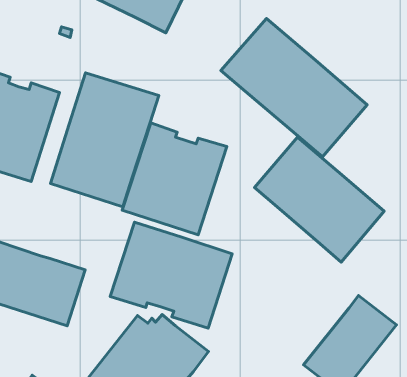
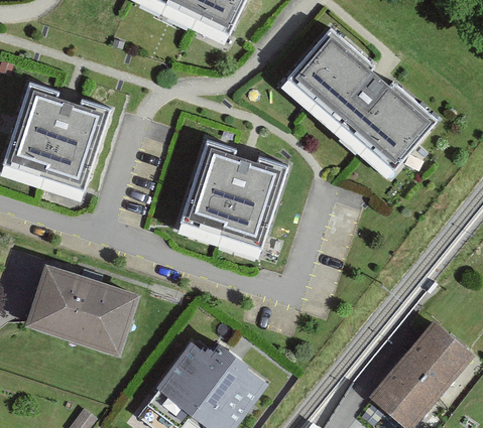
building: [51,73,159,207] -> none
building: [254,137,384,262] -> none
building: [110,222,232,328] -> none

